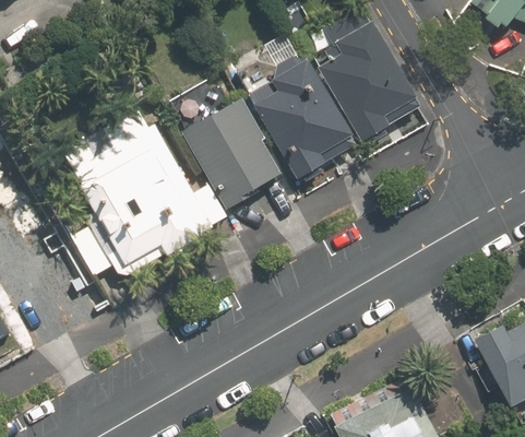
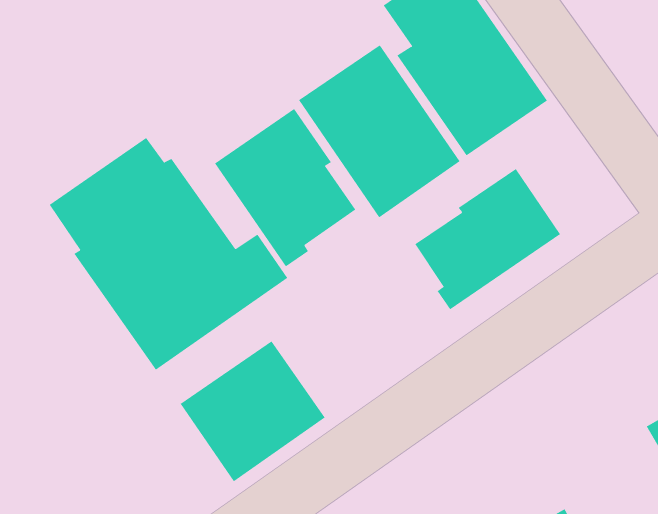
building: none -> [414,168,561,310]
building: none -> [180,340,326,482]

